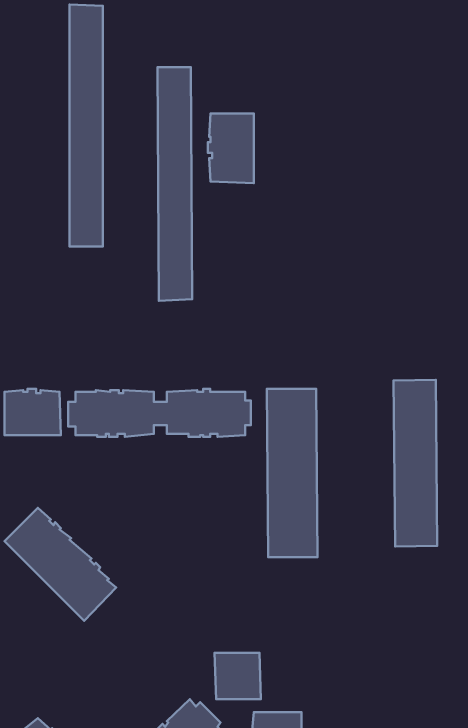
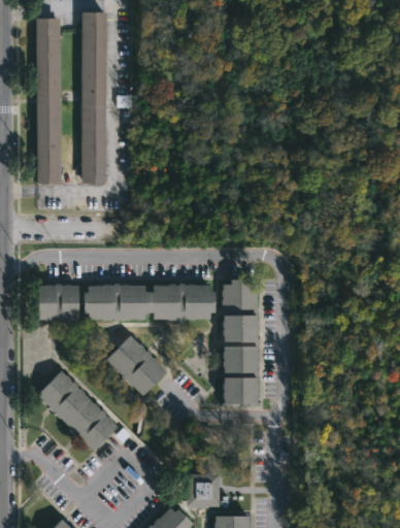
building: [158,67,192,301] -> [37,19,62,185]
building: [208,113,254,183] -> none
building: [394,380,437,546] -> none
building: none -> [104,333,164,394]

